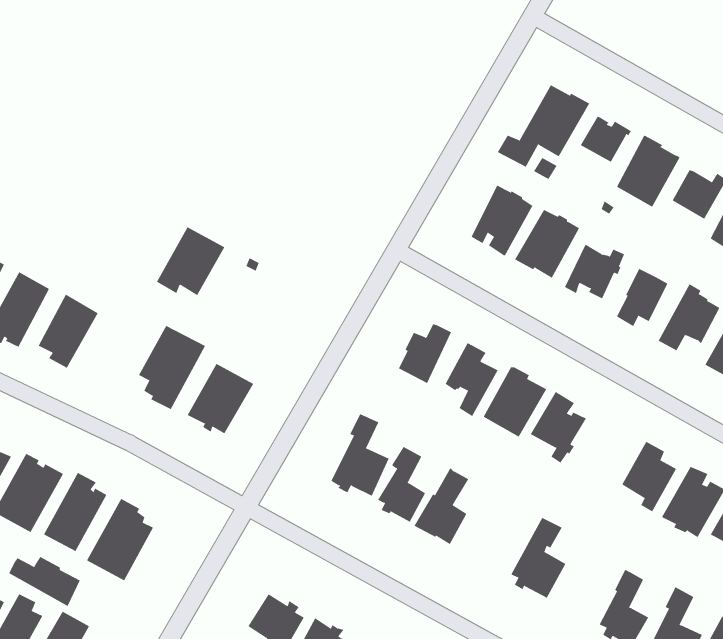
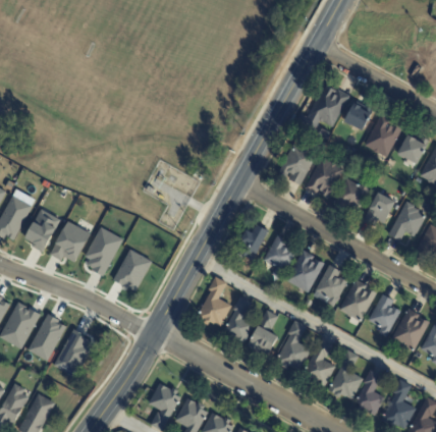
building: [156,226,225,296] -> [49,221,90,262]
building: none -> [339,279,377,323]
building: none -> [275,321,311,371]
building: none -> [328,350,363,399]
building: [8,556,81,607] -> none

